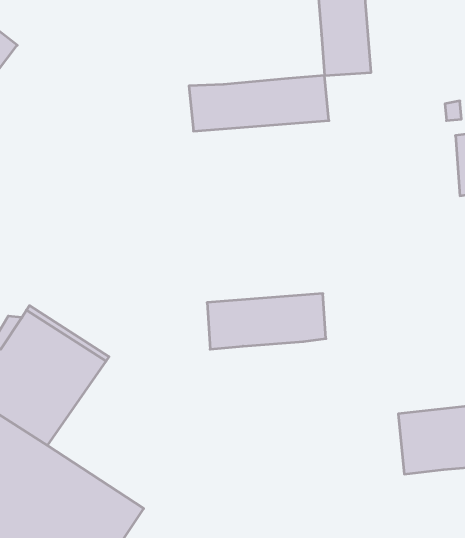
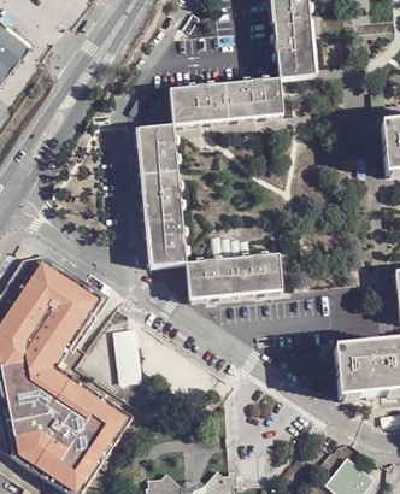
building: none -> [135,120,182,261]
building: none -> [116,331,141,383]

